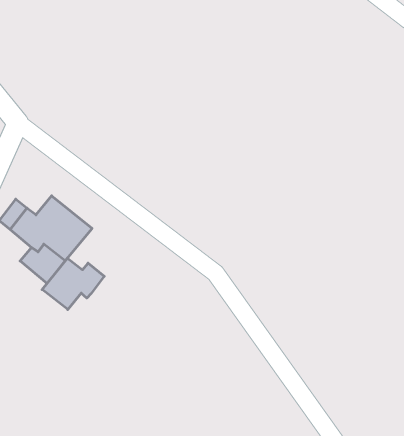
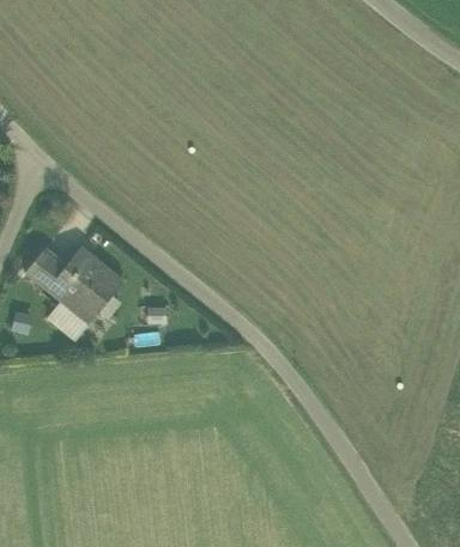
building: [42,258,104,310] -> none

